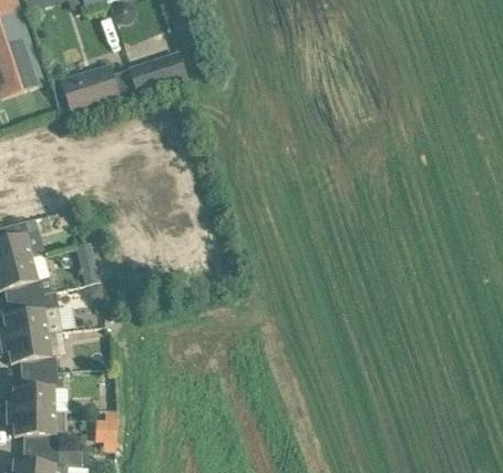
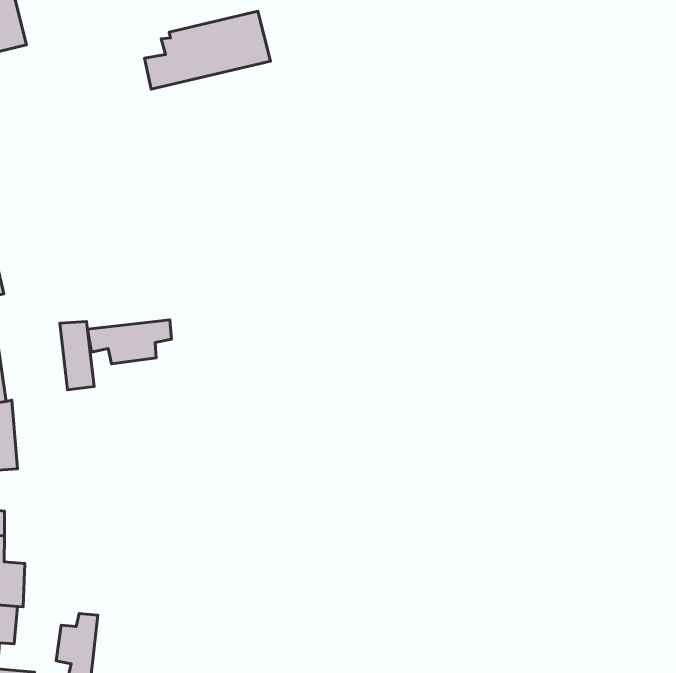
building: [59,64,120,115] -> none
building: none -> [87,320,171,364]

